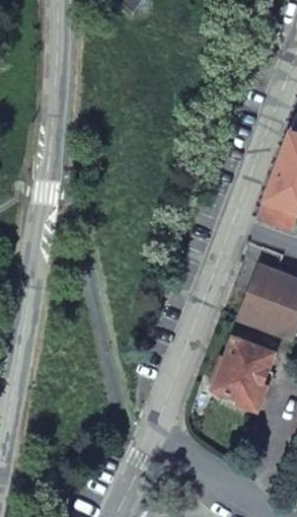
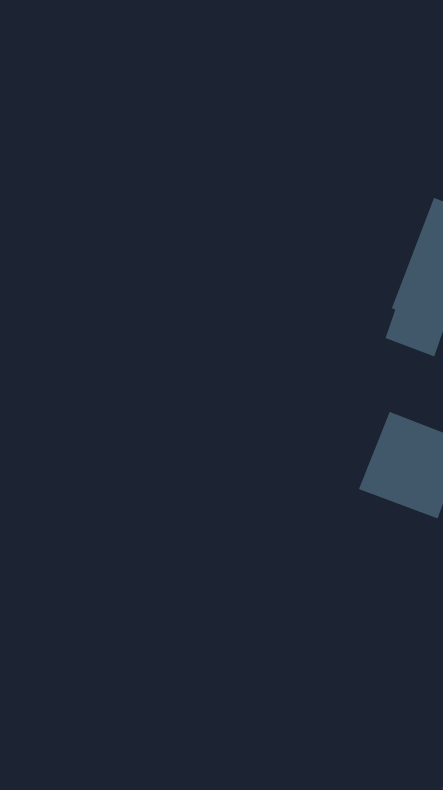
building: [214,339,274,405] -> none

